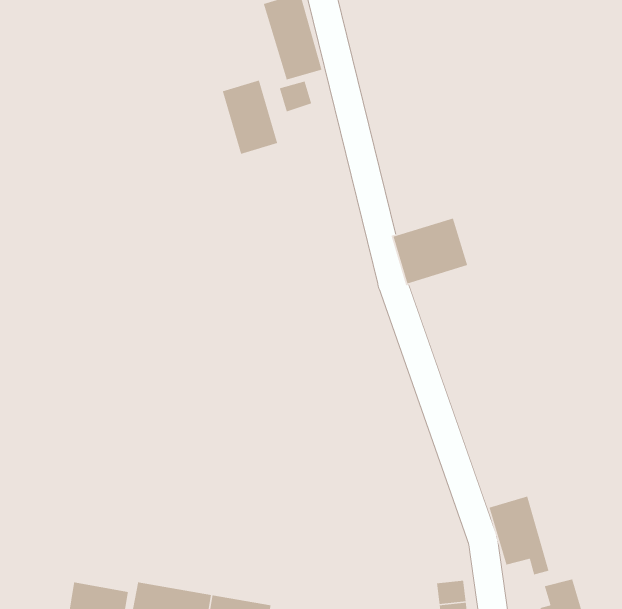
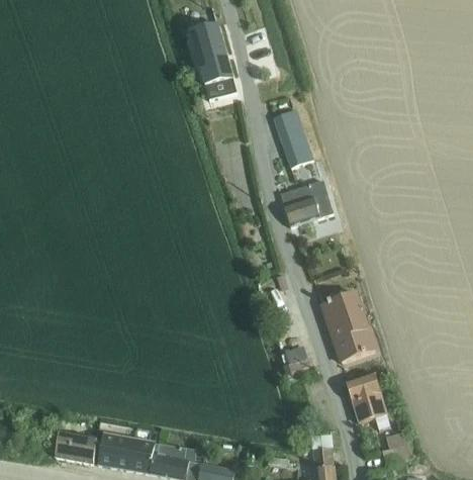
building: [222,80,278,155] -> none
building: none -> [273,109,314,168]
building: none -> [321,291,379,362]
building: none -> [285,345,314,374]

